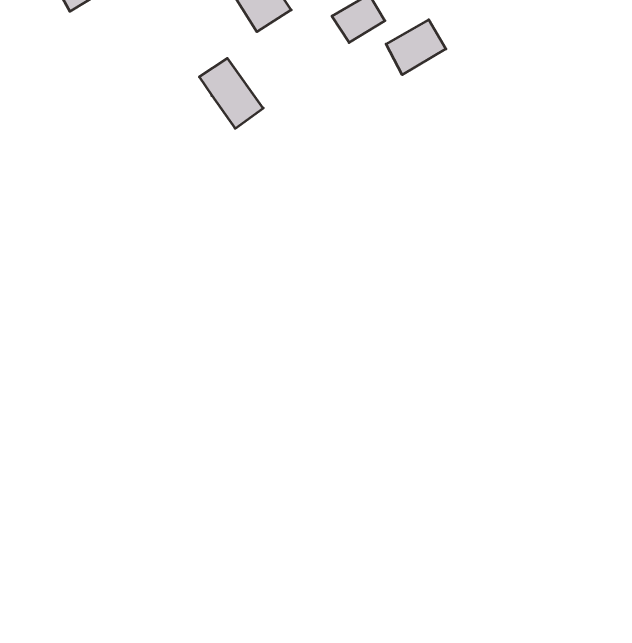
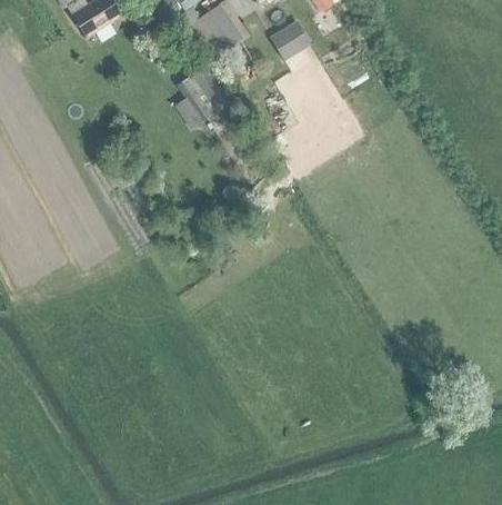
building: [386,20,446,75] -> none

